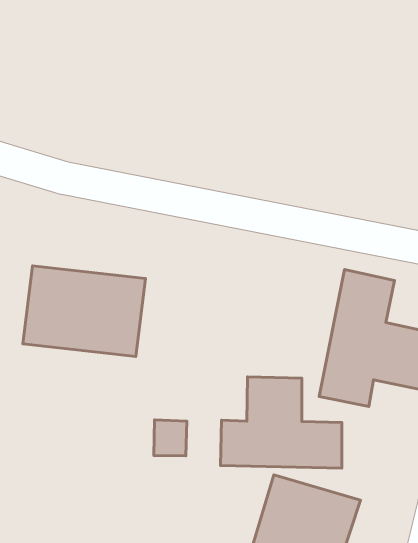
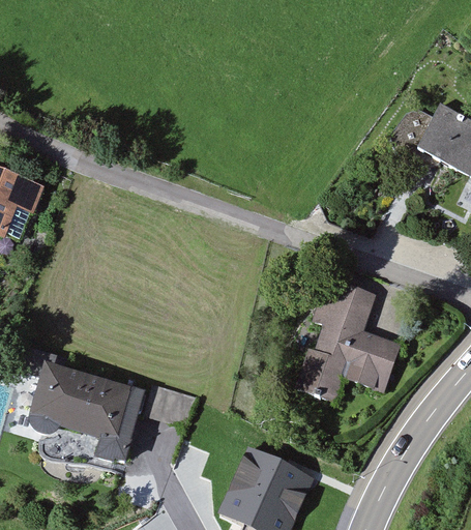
building: [23,266,145,357] -> [31,361,142,450]
building: [220,377,342,468] -> none

